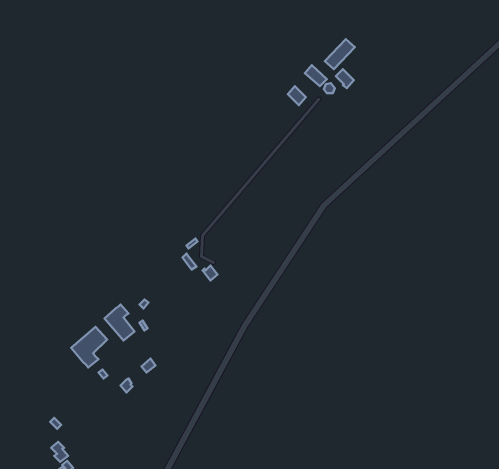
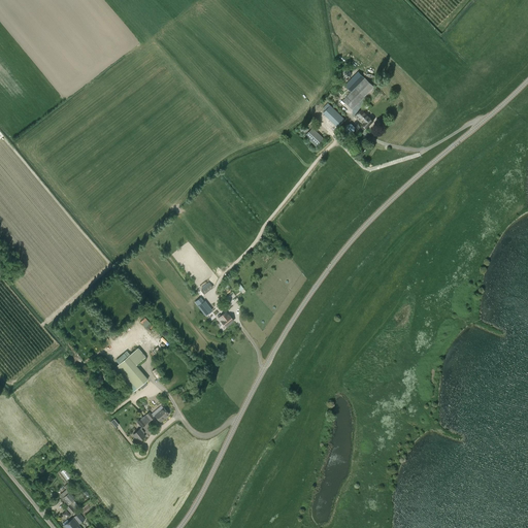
building: [71,327,107,368] -> none

